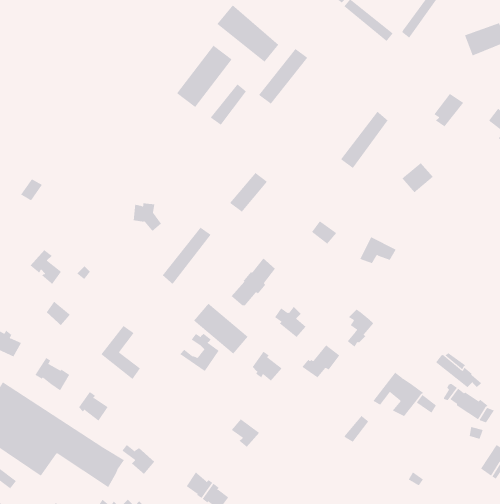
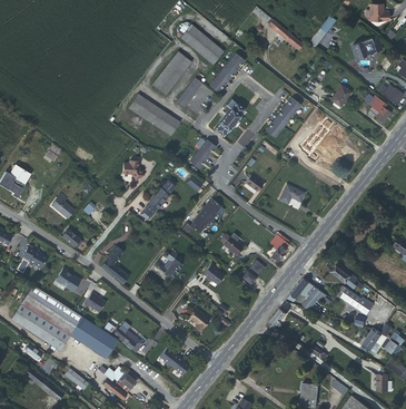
building: none -> [128,94,180,135]
building: none -> [215,99,245,136]
building: [193,303,249,354] -> none

